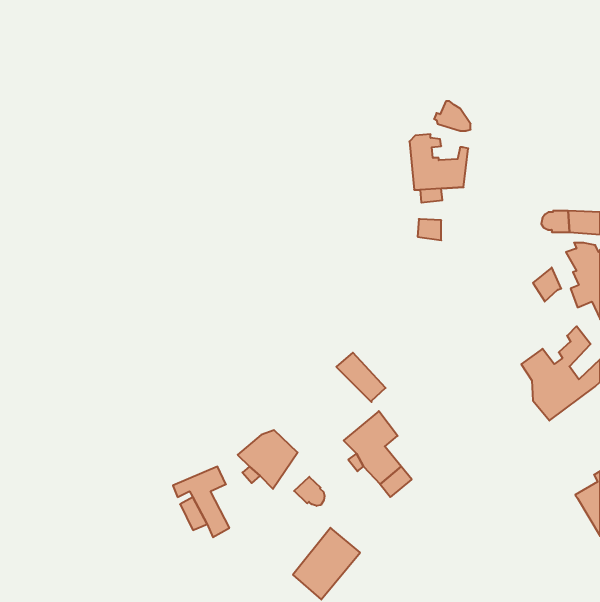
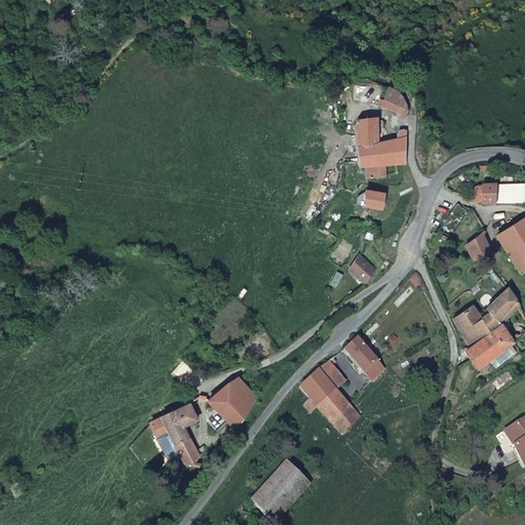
building: none -> [352,251,378,281]
building: [336,353,386,402] -> [342,334,386,377]
building: [294,477,324,506] -> none

